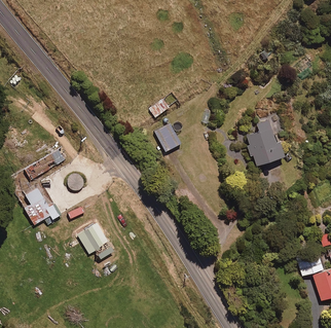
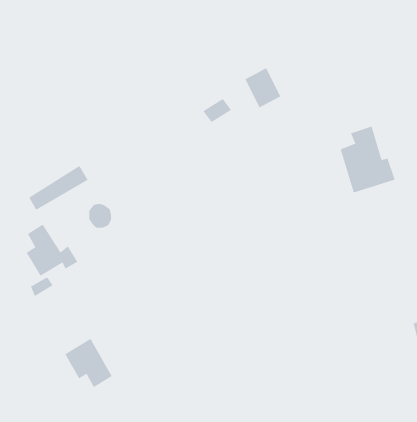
building: [154,122,180,151] -> [245,67,281,108]
building: [78,223,112,258] -> [64,338,113,388]

